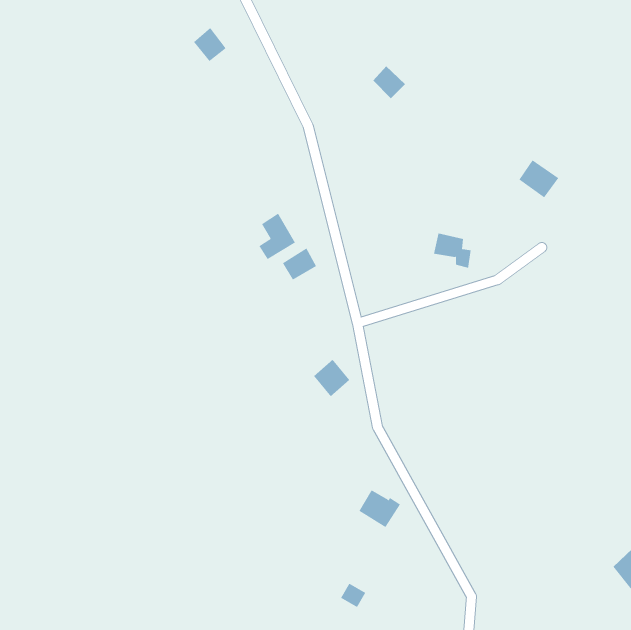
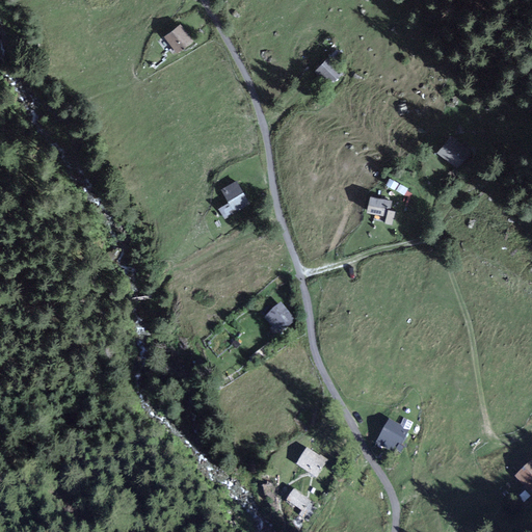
building: [282,247,317,281] -> none
building: [359,490,401,528] -> [295,448,330,480]
building: none -> [375,418,415,454]

